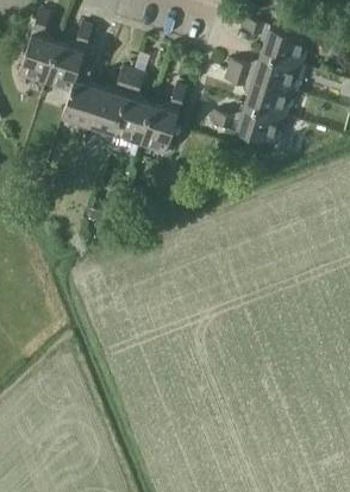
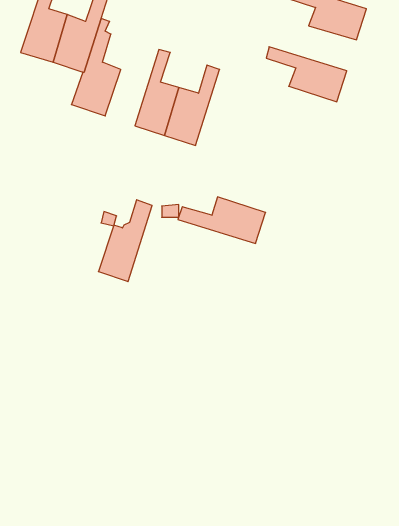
building: [227,52,301,90] -> none
building: [89,68,135,137] -> [98,200,152,282]
building: [211,103,285,143] -> [178,197,266,243]

